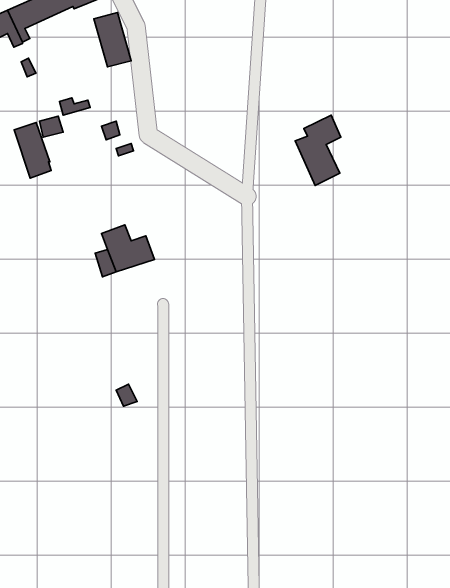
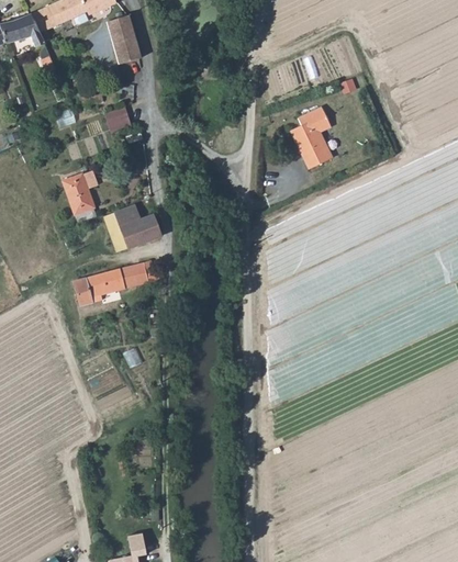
building: [14,123,51,178] -> [63,172,96,222]
building: none -> [74,260,160,305]

